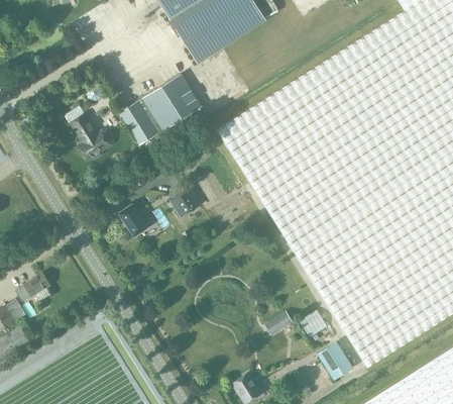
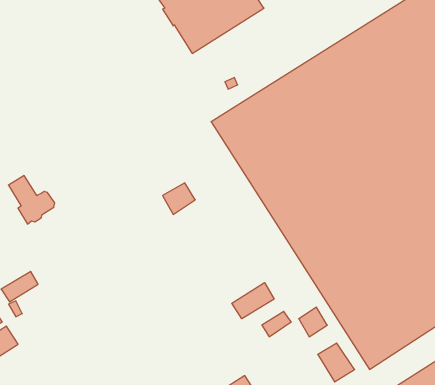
building: [119,74,203,146] -> none
building: [71,113,115,160] -> [8,176,55,224]
building: [118,204,147,238] -> none
building: none -> [232,283,274,319]

